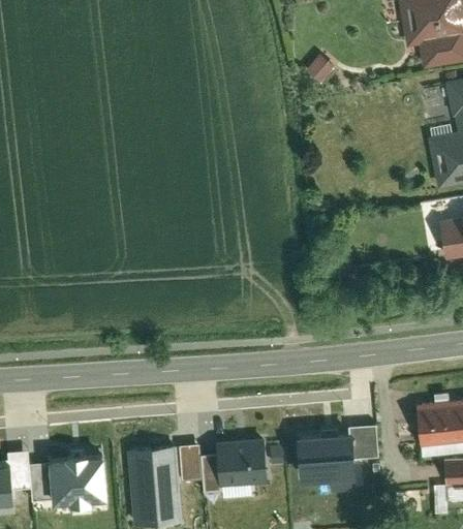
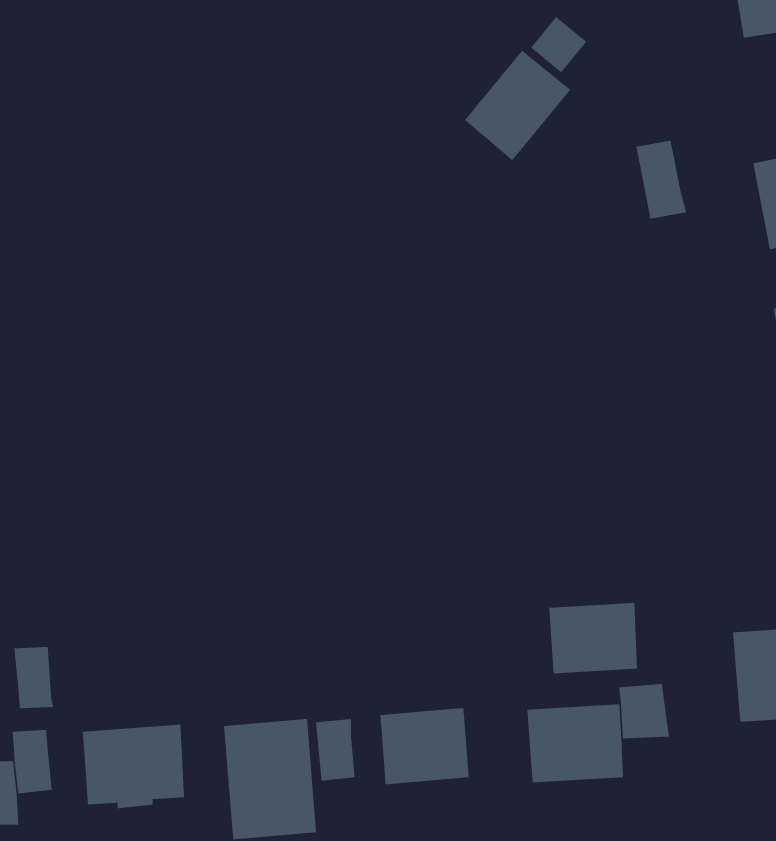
building: none -> [464,50,571,161]
building: none -> [636,140,687,219]
building: none -> [549,602,638,674]
building: [200,458,219,493] -> none
building: [30,467,53,502] -> [14,646,54,709]

